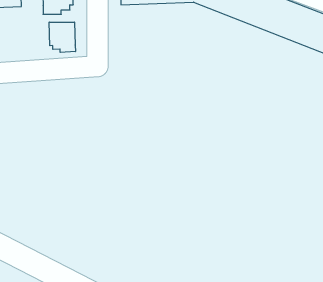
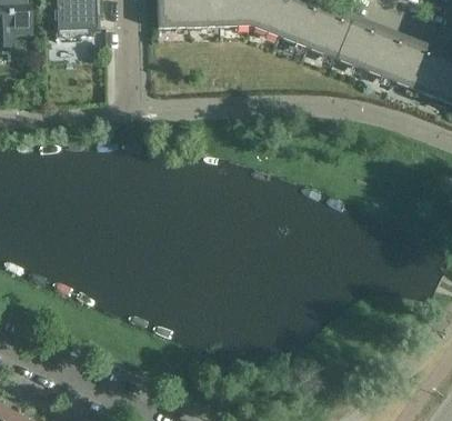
building: [49,22,75,52] -> none

